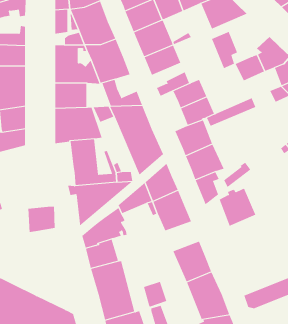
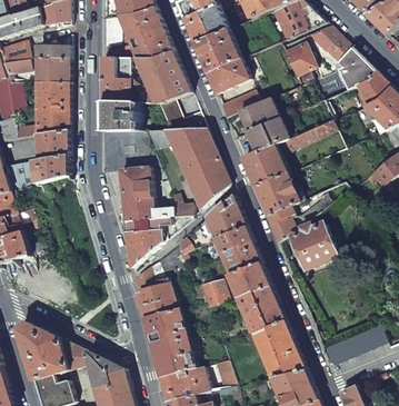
building: none -> [302,24,350,71]
building: [28,206,55,233] -> none
building: none -> [229,263,269,297]
building: [143,281,167,307] -> [199,277,227,307]

